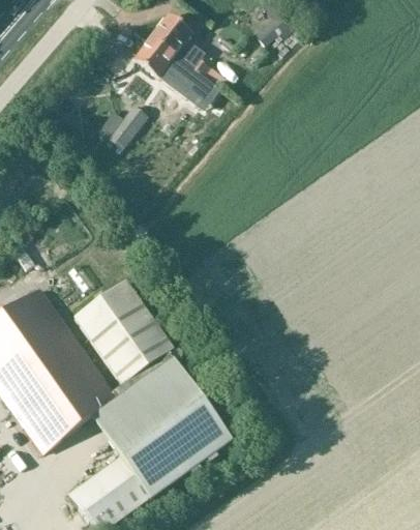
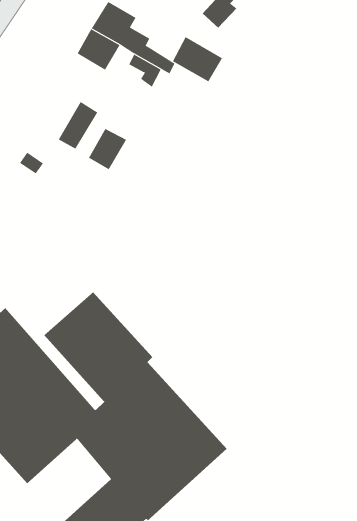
building: none -> [172,36,223,82]
building: none -> [88,128,127,170]

